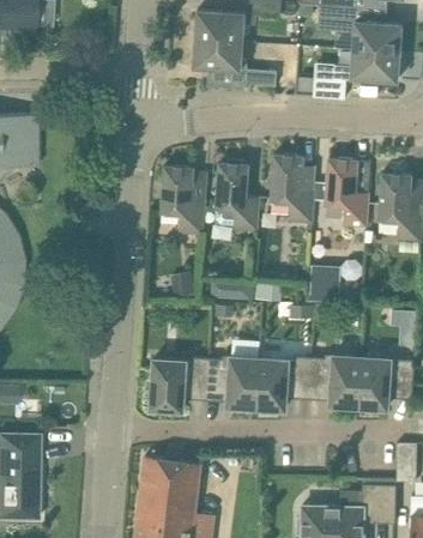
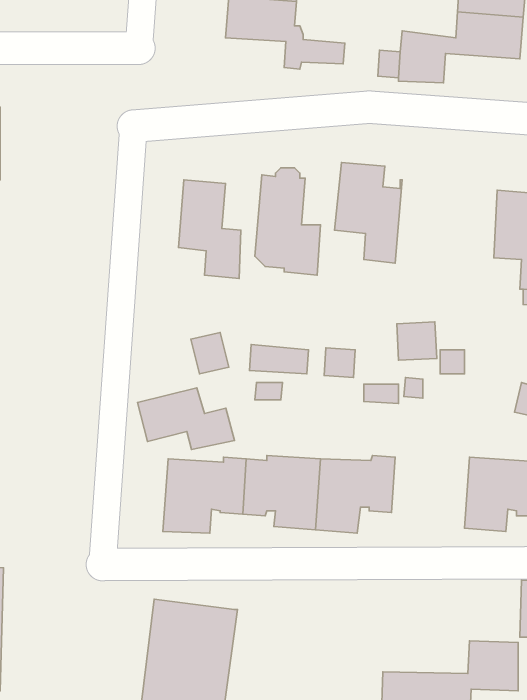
building: [325,158,368,226] -> none
building: none -> [137,388,235,449]
building: [308,355,362,406] -> none

